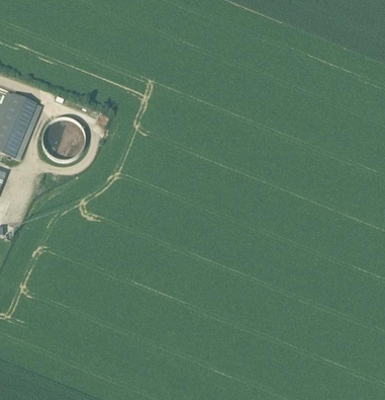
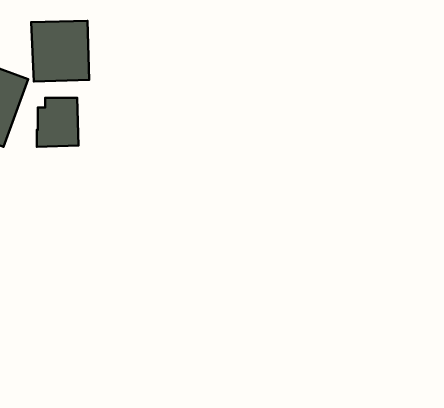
building: none -> [31,21,89,81]

